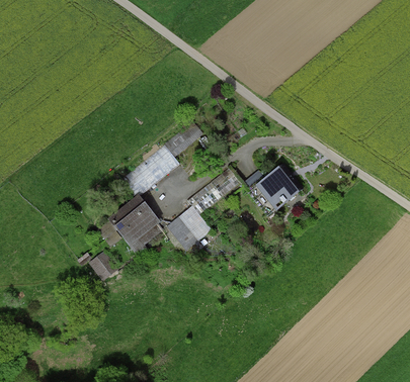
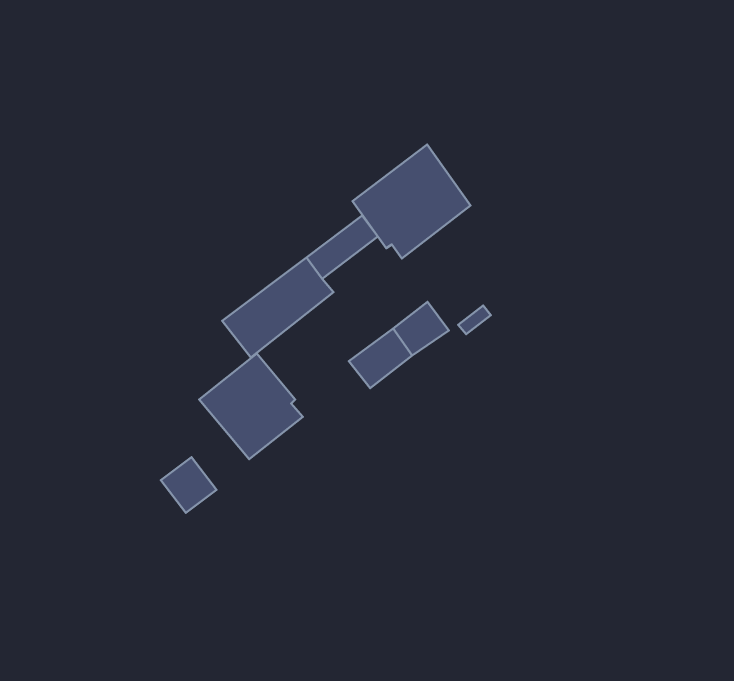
building: none -> [352,144,471,259]
building: [256,167,298,208] -> none
building: [167,207,210,250] -> none

